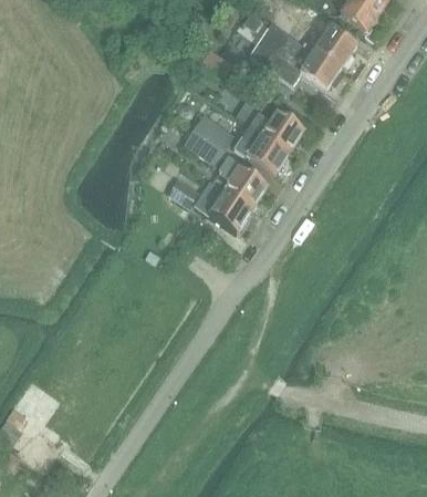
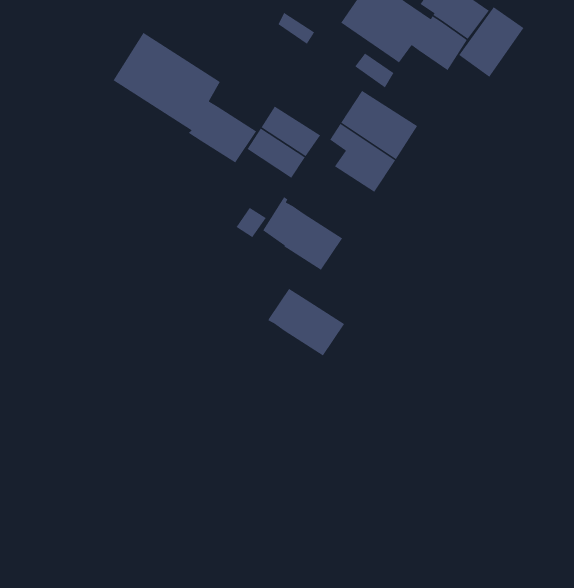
building: none -> [458,6,524,78]
building: none -> [112,32,257,163]
building: [211,158,267,207] -> [267,288,345,357]

